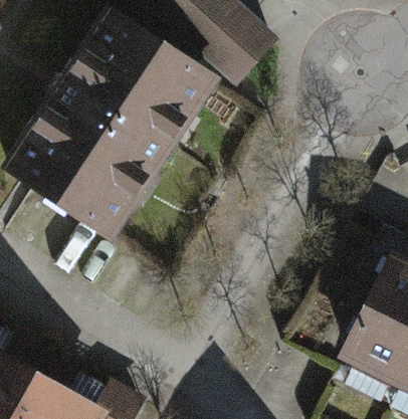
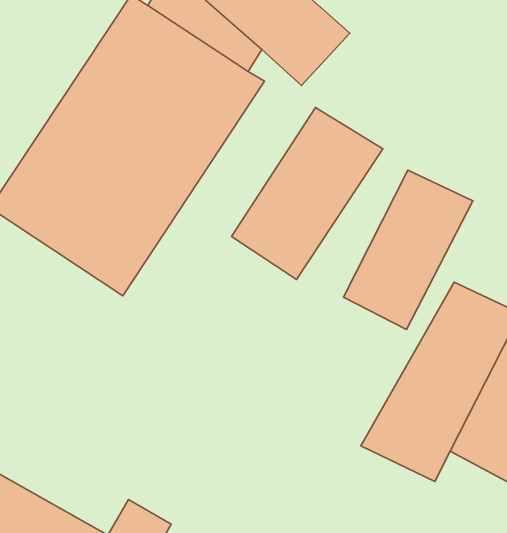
building: none -> [232,108,383,280]
building: none -> [344,170,473,330]

